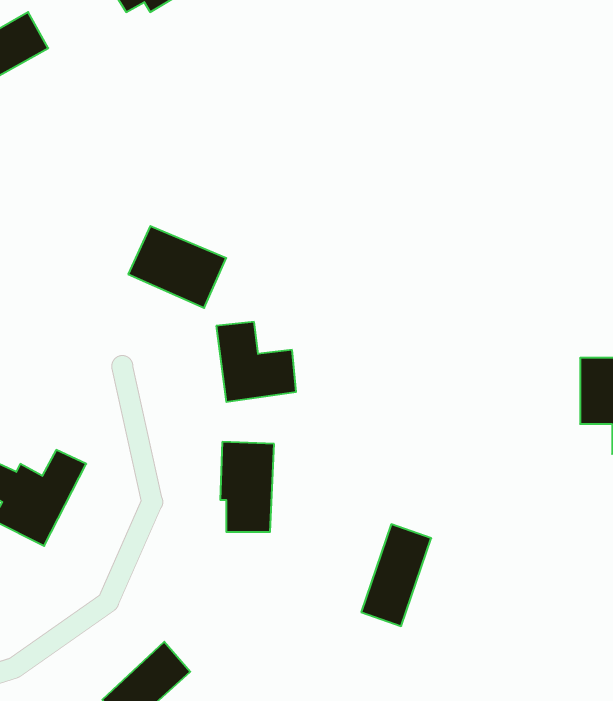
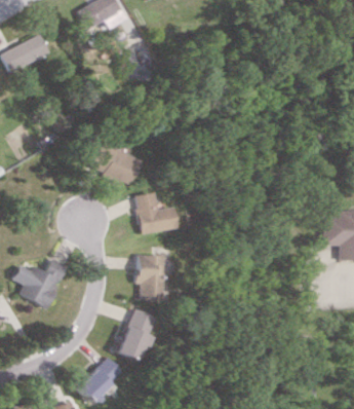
building: [361,524,431,626] -> [118,308,154,361]

